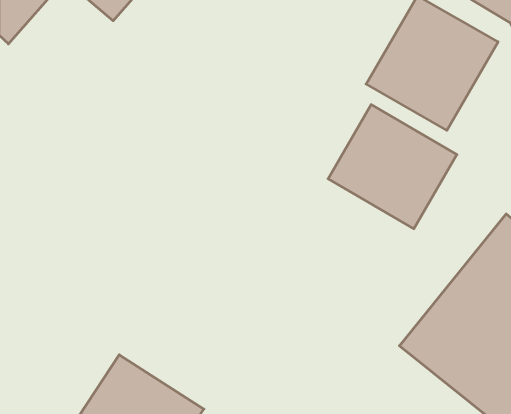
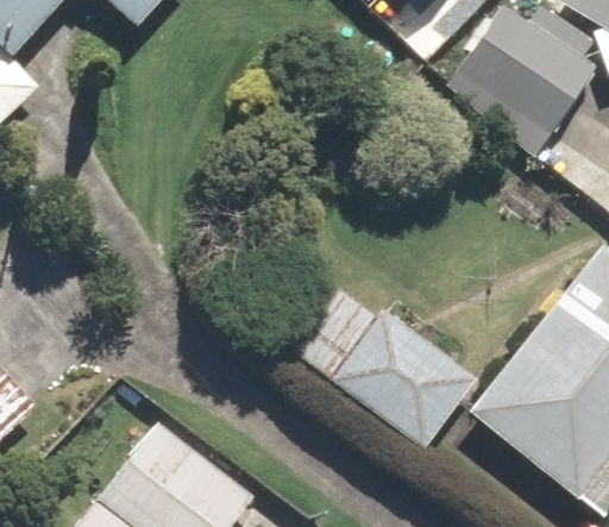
building: [328,105,457,229] -> none
building: none -> [340,322,464,441]

